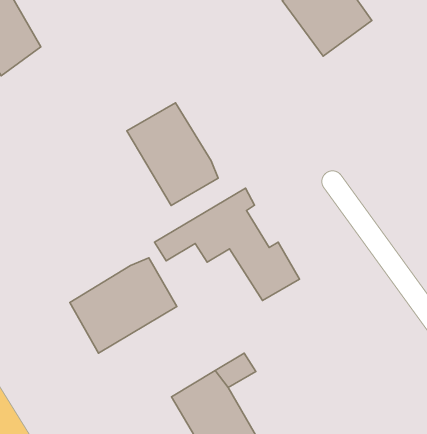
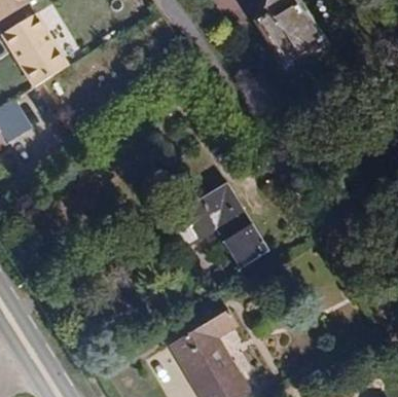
building: [127,103,218,205] -> none
building: [70,258,177,353] -> none

